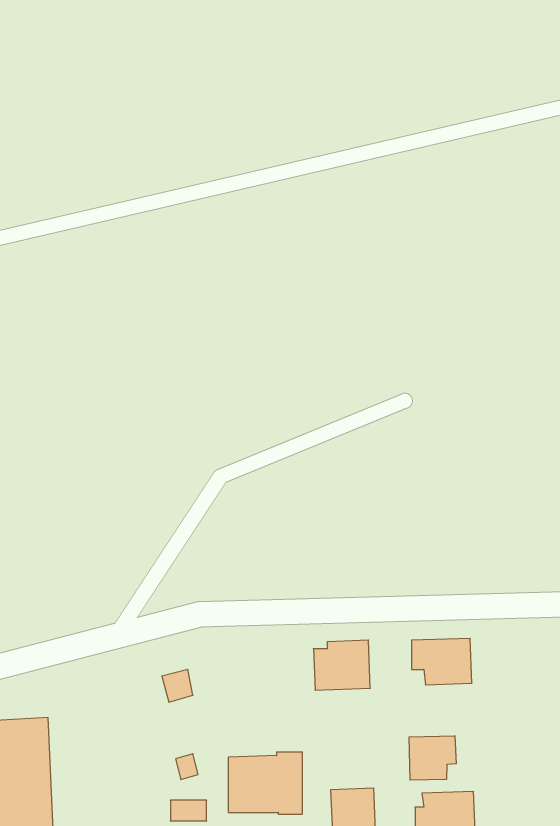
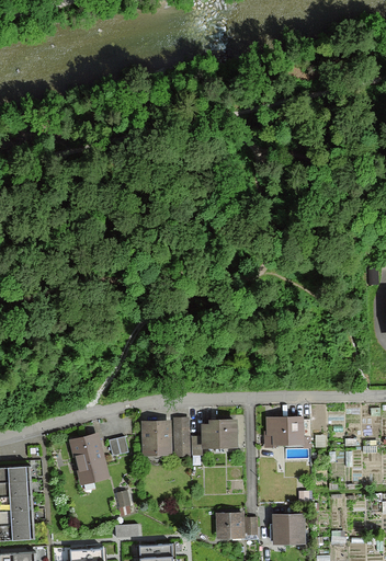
building: none -> [69,434,112,485]
building: [409,736,456,780] -> none
building: [228,752,302,814] -> [141,417,189,457]

